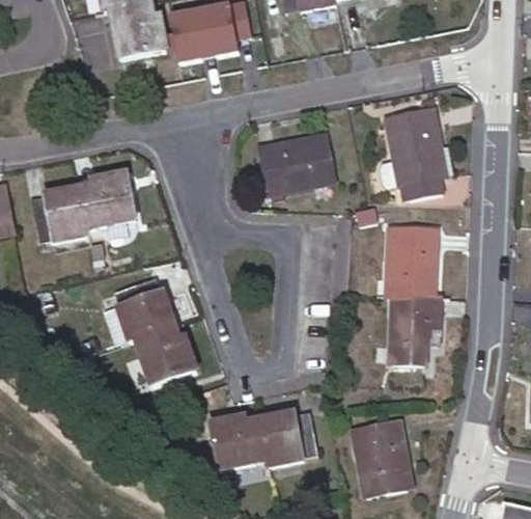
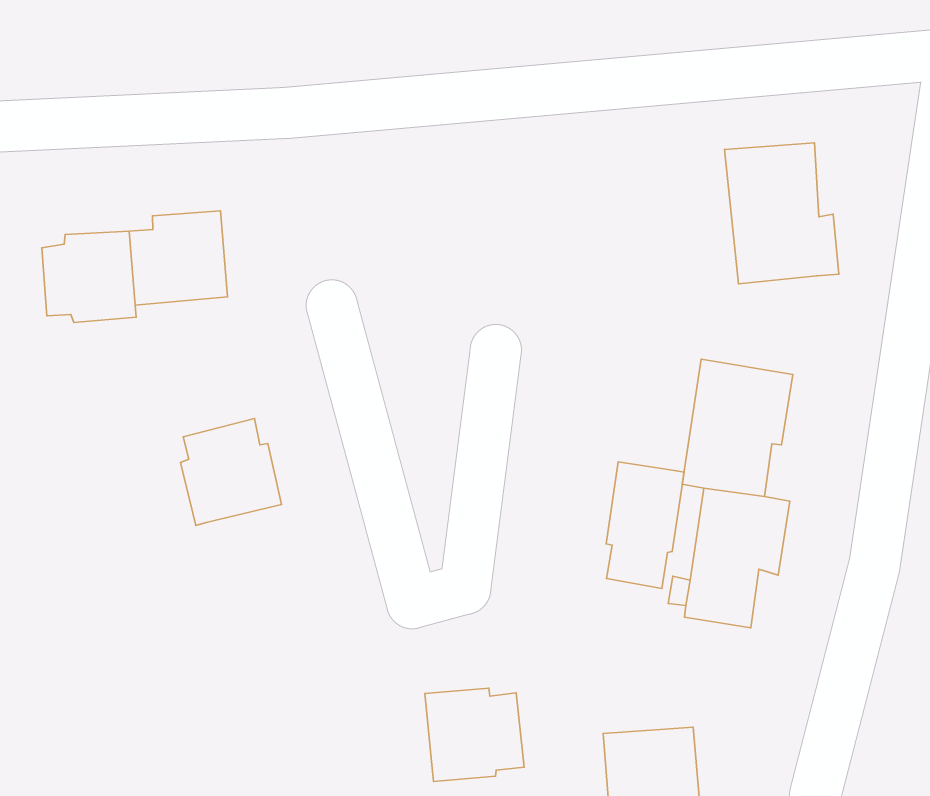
building: [262,141,338,195] -> none
building: none -> [606,462,684,588]
building: [136,326,196,387] -> none
building: [209,414,268,466] -> none

